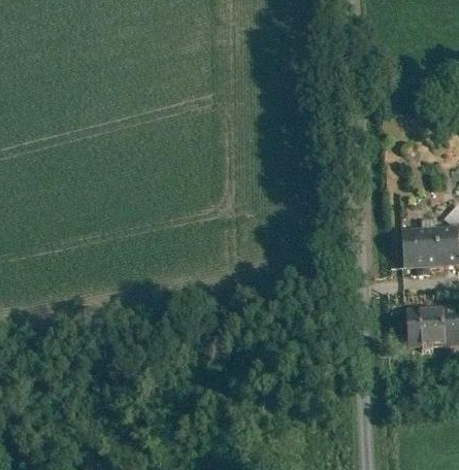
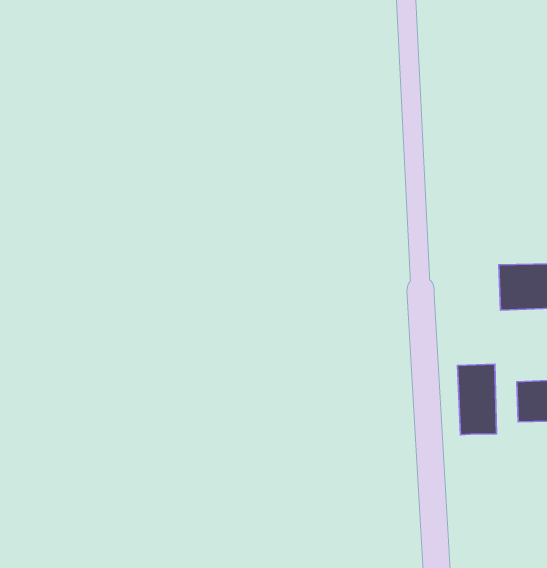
building: none -> [458,364,497,435]

